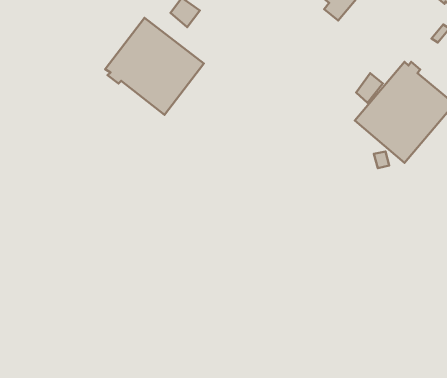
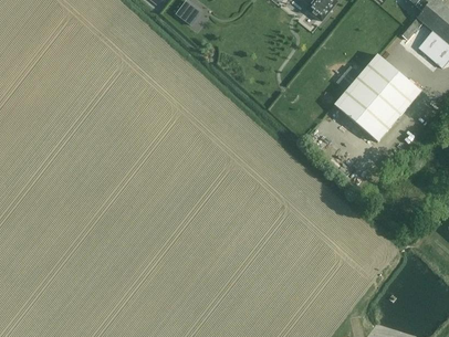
building: [105,18,204,115] -> none

